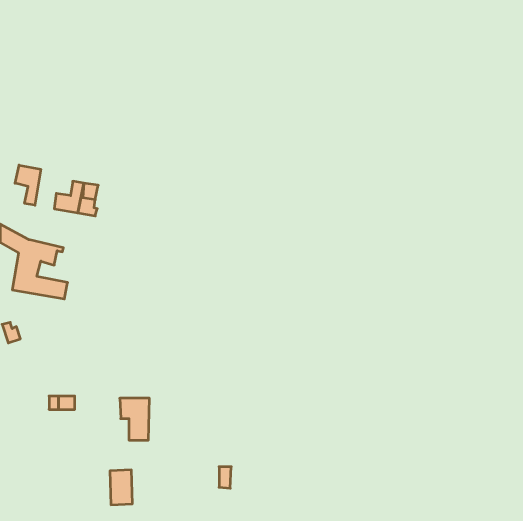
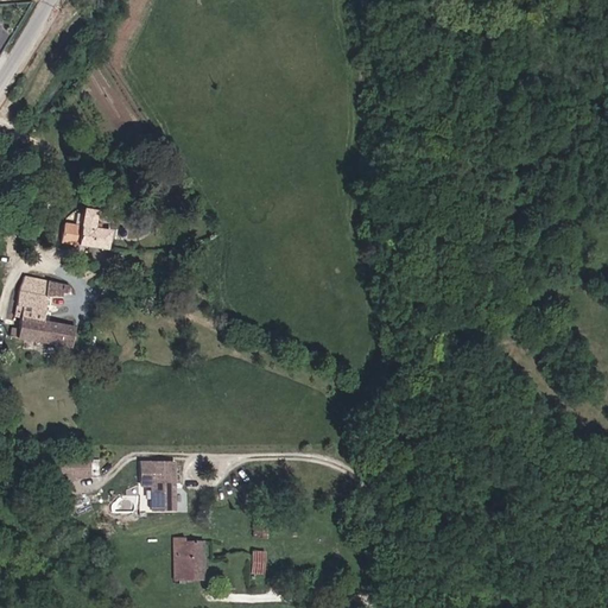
building: [15,165,41,205] -> none
building: [110,470,132,505] -> [175,539,201,580]

